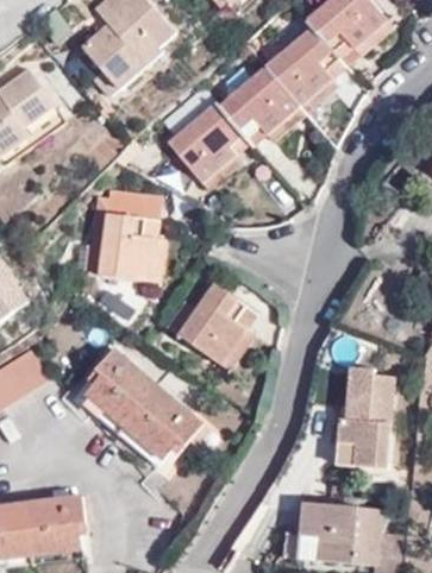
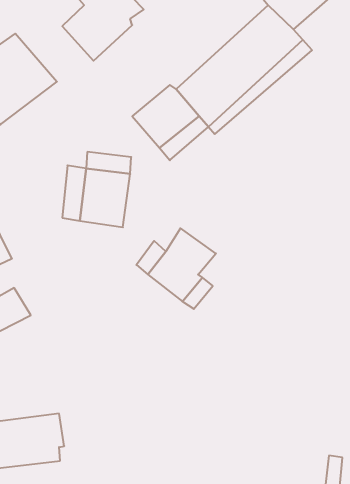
building: [80,344,195,454] -> none
building: [332,361,397,465] -> none
building: [284,498,381,561] -> none

